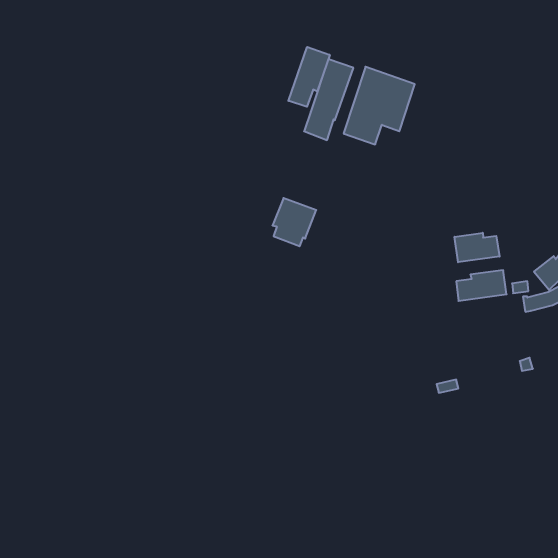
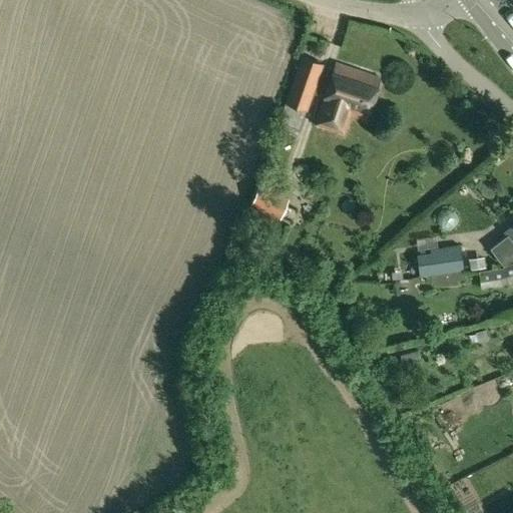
building: [288,47,330,107] -> none
building: [455,233,500,262] -> none

